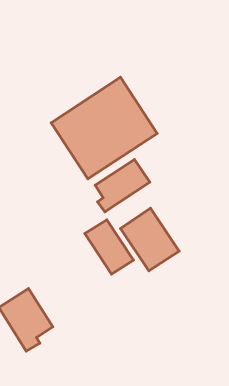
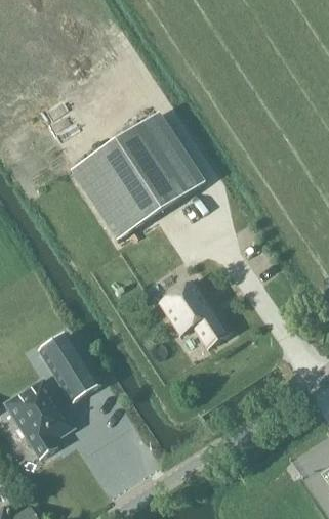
building: [95,159,150,212] -> none
building: [85,220,134,274] -> [39,334,100,402]

